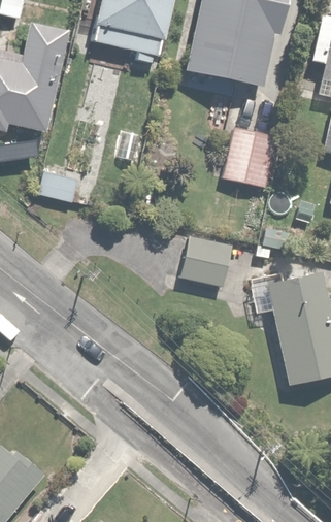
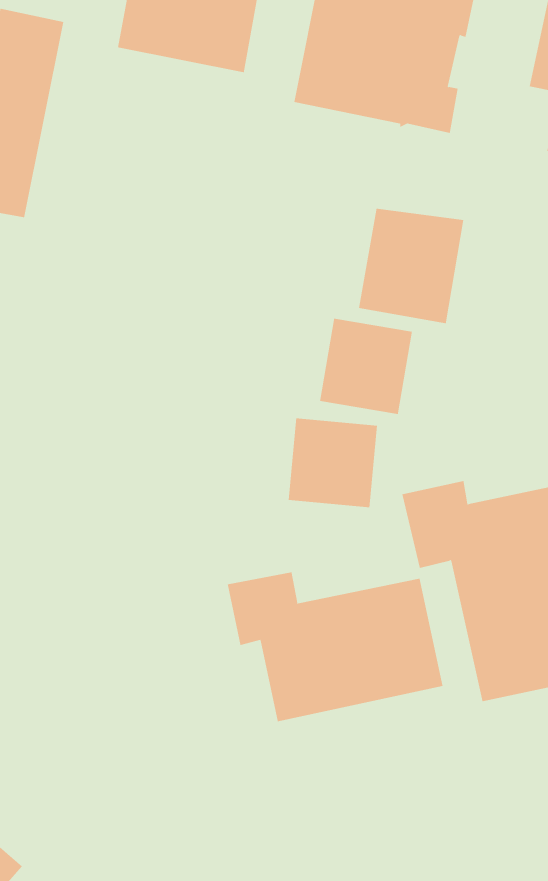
building: none -> [320,318,412,415]
building: none -> [227,571,443,722]

